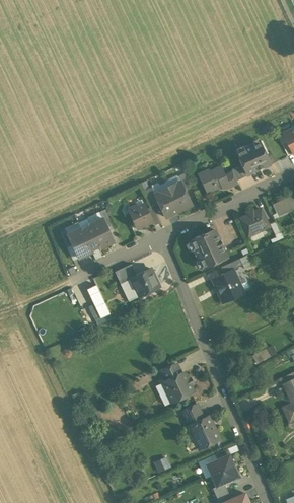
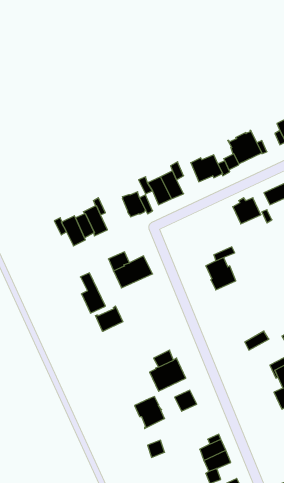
building: [189,230,225,269] -> none
building: none -> [95,306,123,331]
building: [188,417,218,449] -> [135,397,165,429]

